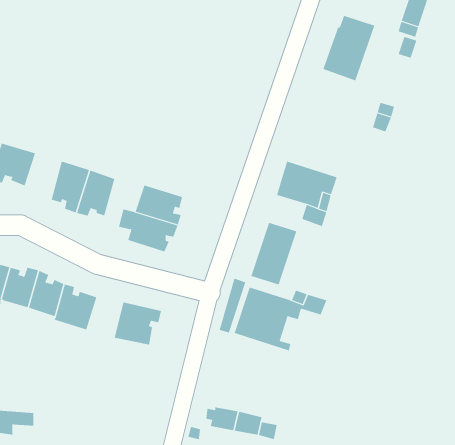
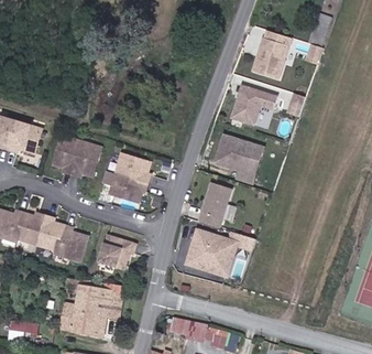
building: none -> [231,85,276,124]
building: none -> [72,285,122,337]

